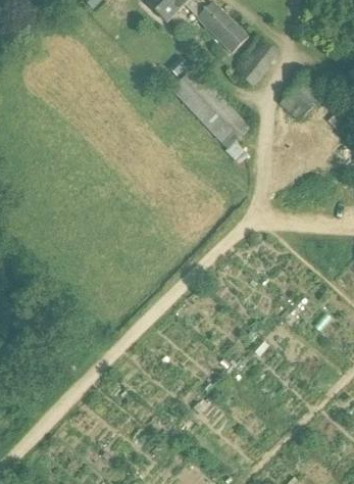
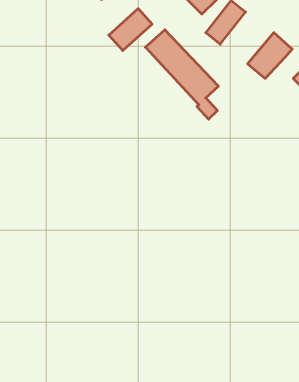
building: none -> [109,9,152,51]

